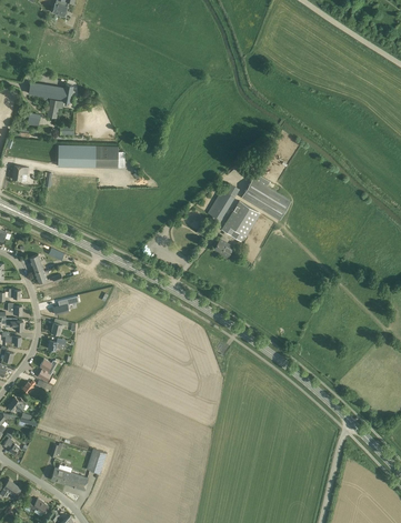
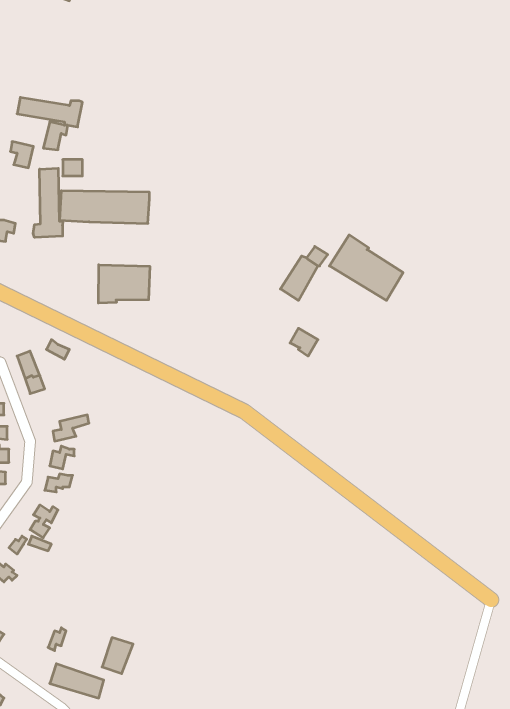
building: none -> [33,168,63,237]
building: none -> [98,265,150,303]
building: [224,200,258,238] -> none

